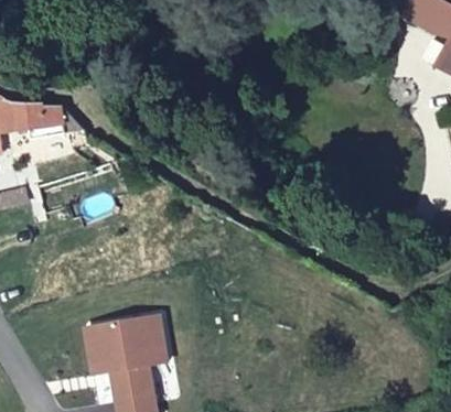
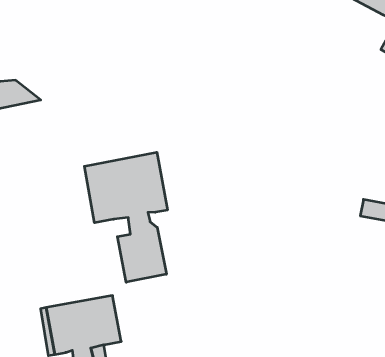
building: none -> [84,152,167,282]

